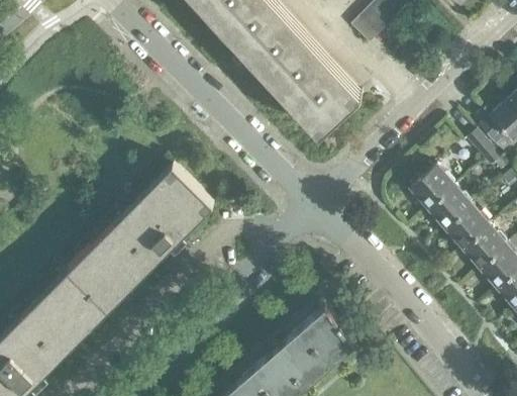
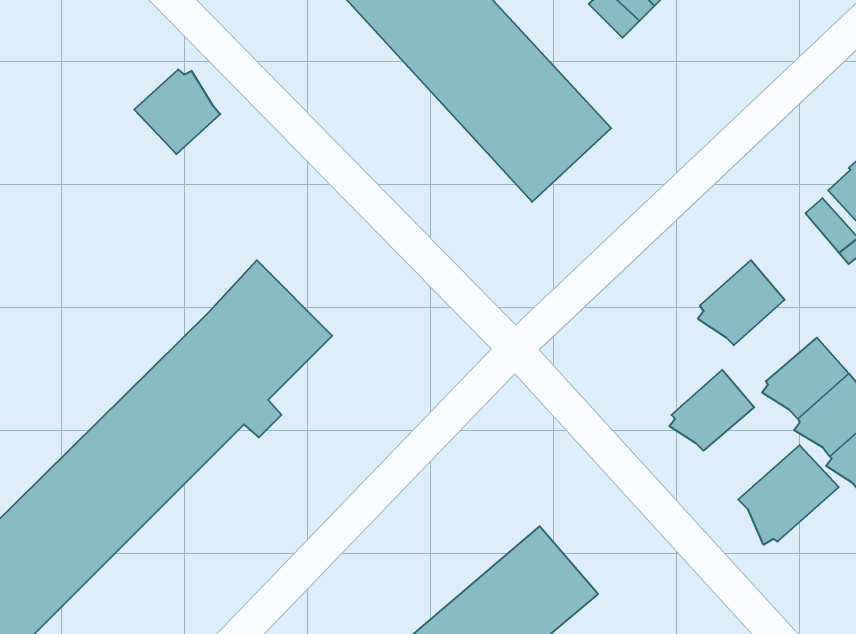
building: none -> [134,69,220,154]
building: [427,186,473,229] -> [669,370,754,451]
building: none -> [738,445,839,545]

